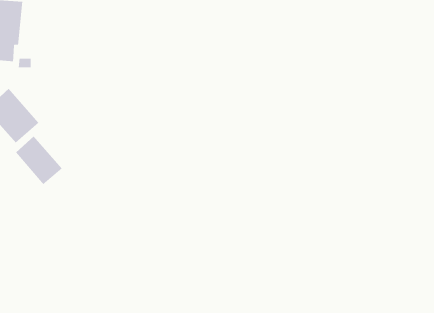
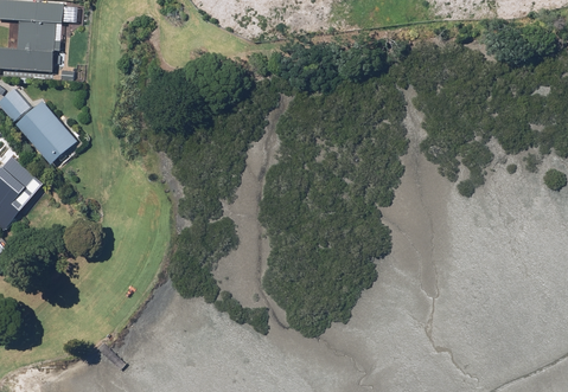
building: [15,136,63,185] -> none

